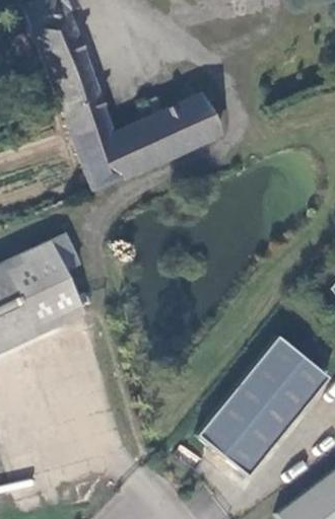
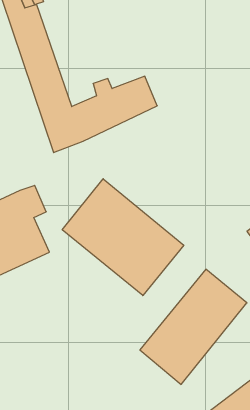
building: none -> [62,179,184,296]

